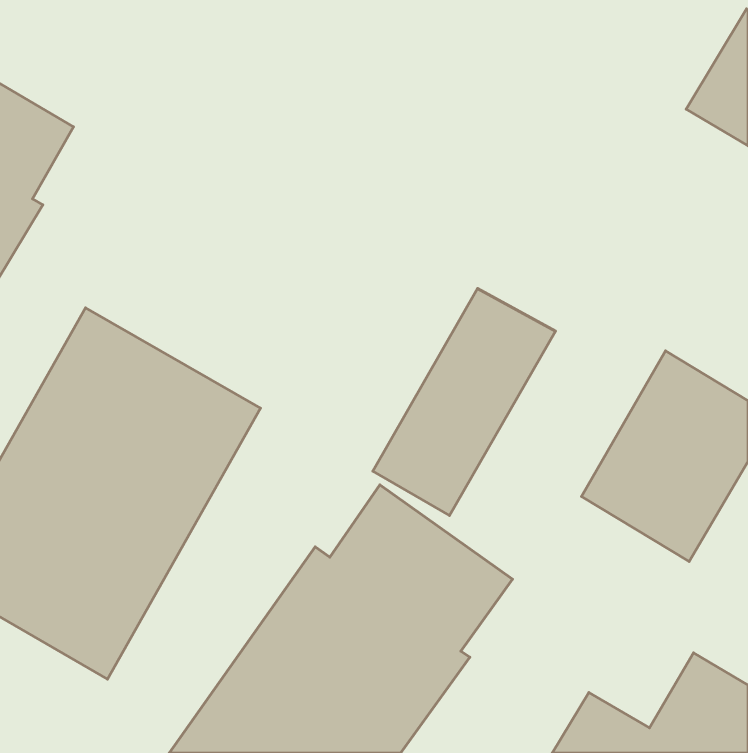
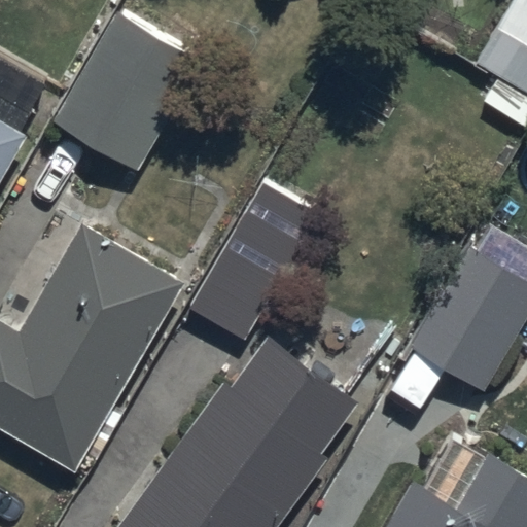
building: none -> [54,12,203,173]
building: [373,289,555,515] -> [188,182,316,341]

